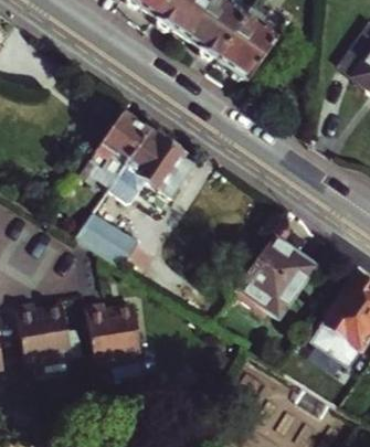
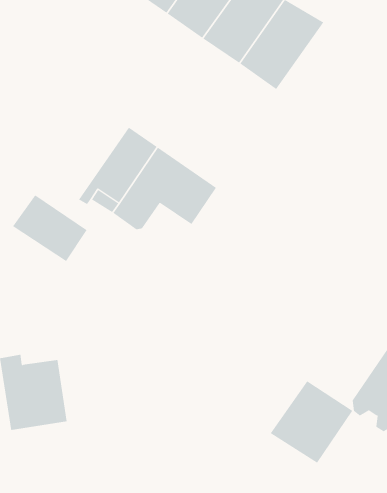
building: [74,209,137,265] -> [12,194,88,262]
building: [243,236,313,306] -> [270,380,353,464]
building: [85,304,144,366] -> none

